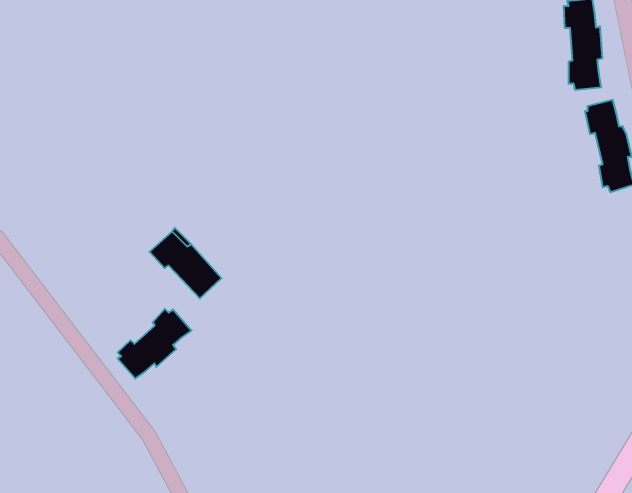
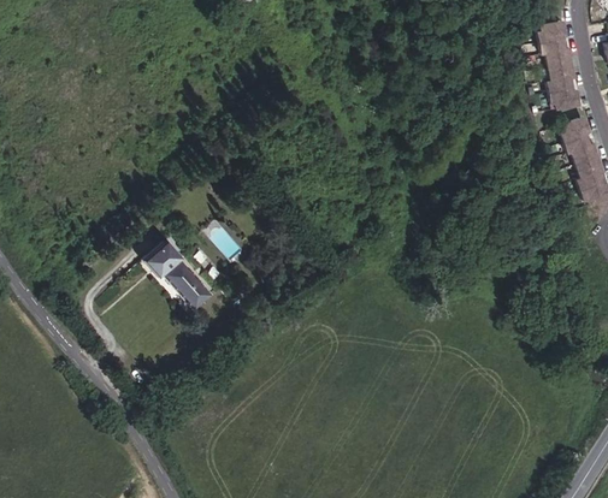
building: [118,309,192,379] -> none

